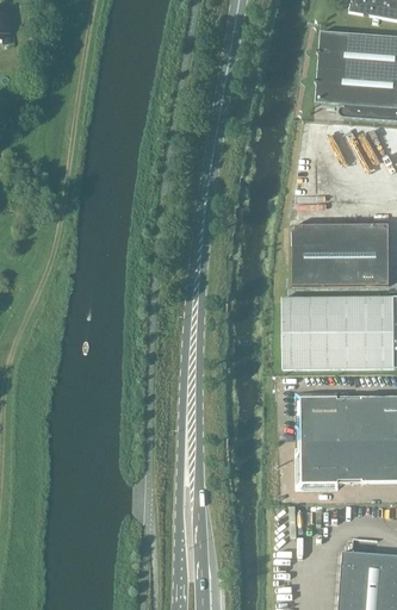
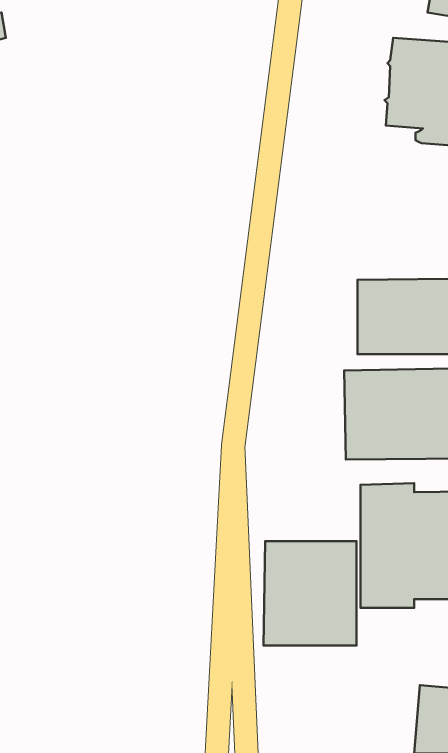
building: none -> [263,541,357,645]

